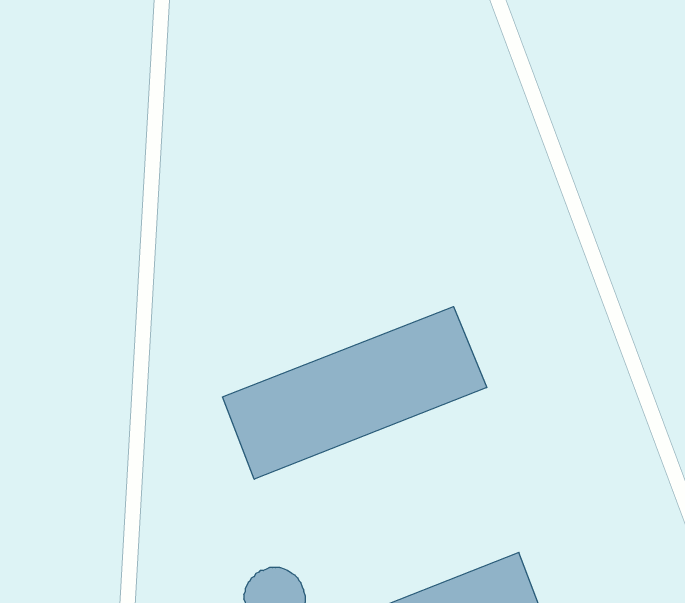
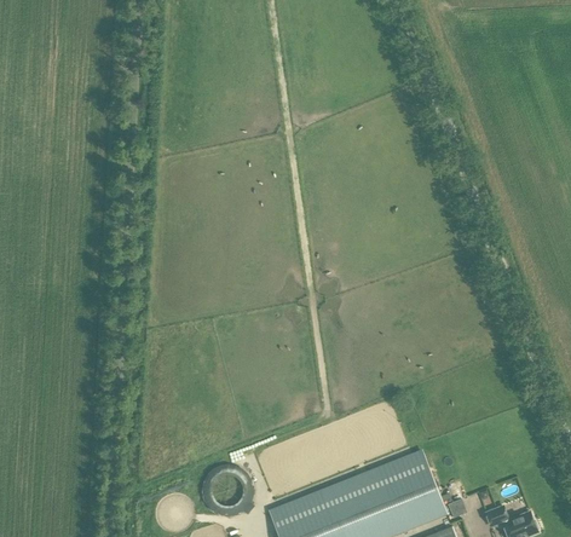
building: [223,307,487,479] -> none

